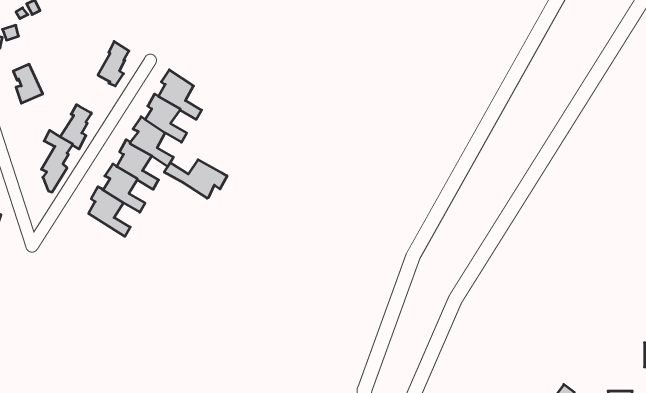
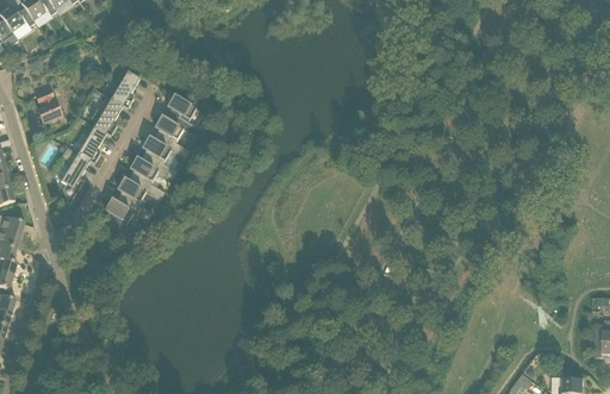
building: none -> [94,94,122,135]
building: [164,160,227,198] -> none

